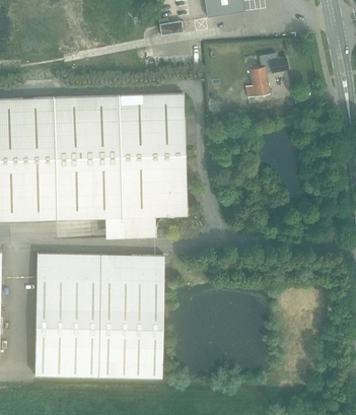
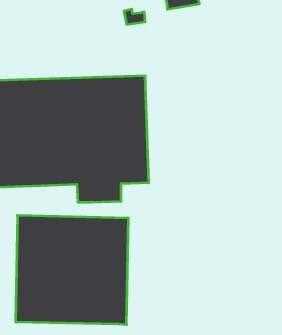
building: [246,54,289,98] -> none

